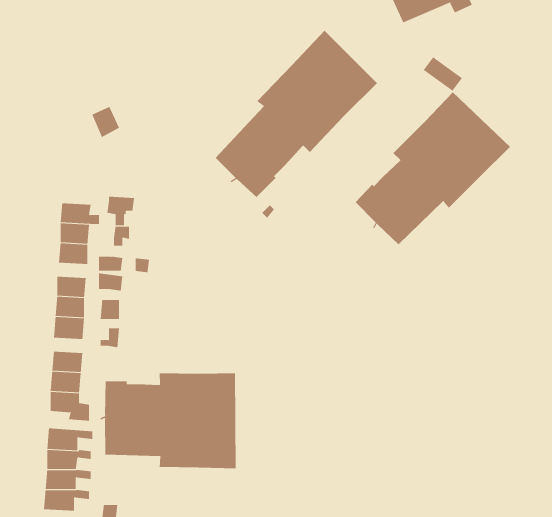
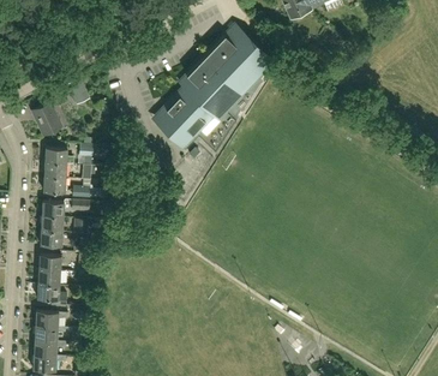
building: [355,91,511,245] -> none
building: none -> [31,102,62,136]
building: [100,372,236,469] -> none

